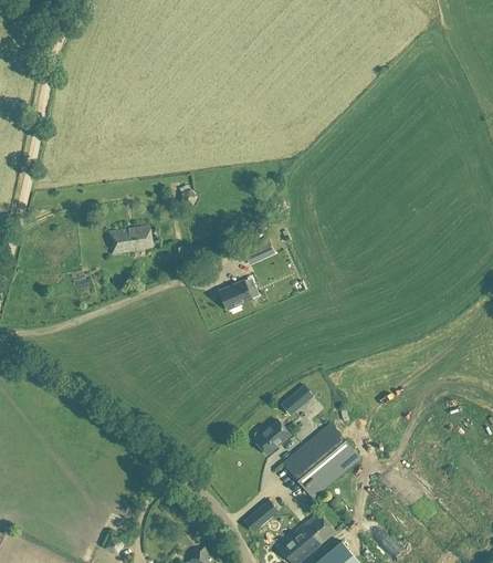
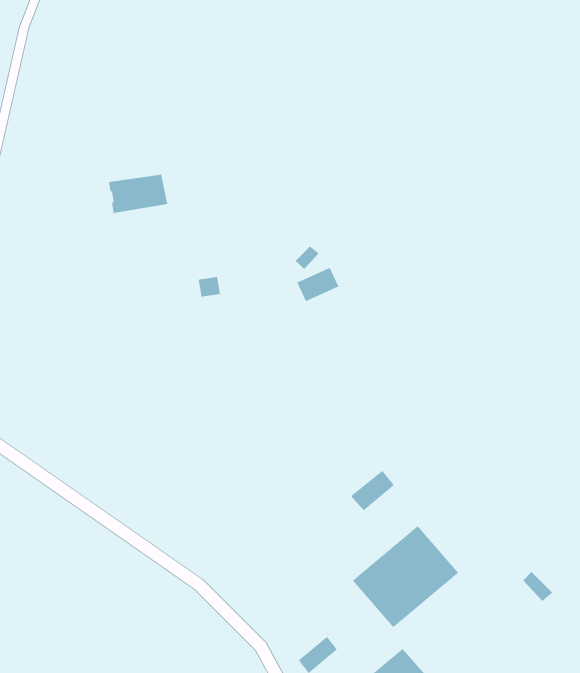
building: [108,227,151,256] -> [108,174,168,214]
building: [219,282,251,310] -> none
building: [253,420,289,455] -> none

